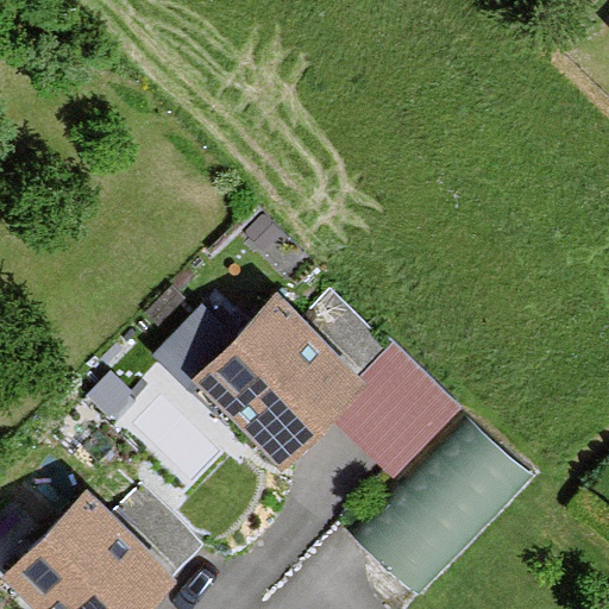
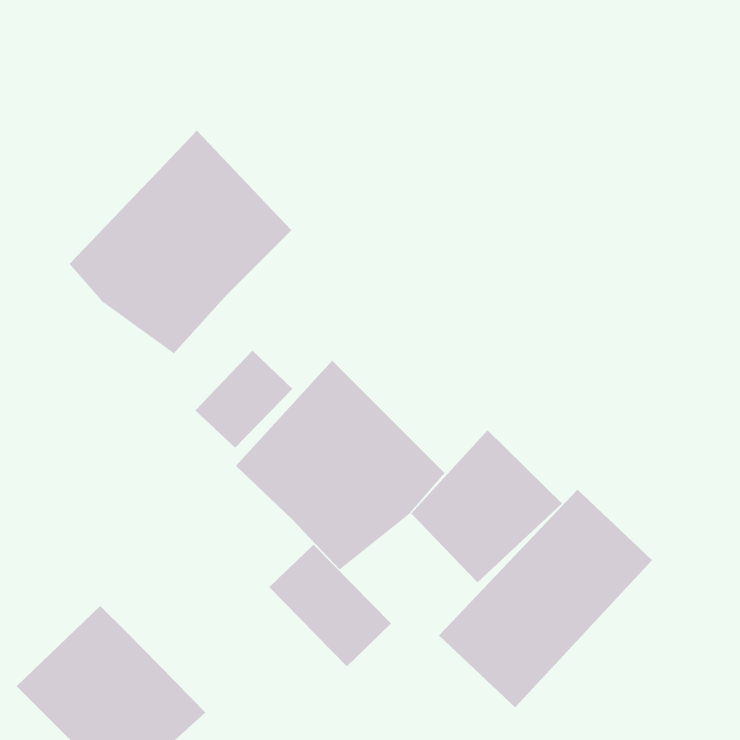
building: none -> [69,130,292,354]
building: [296,284,400,389] -> none
building: [105,484,206,585] -> [268,544,392,667]

